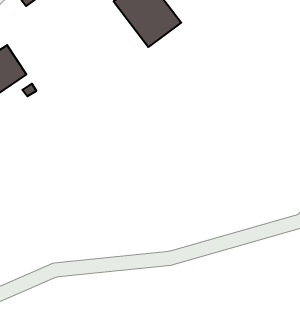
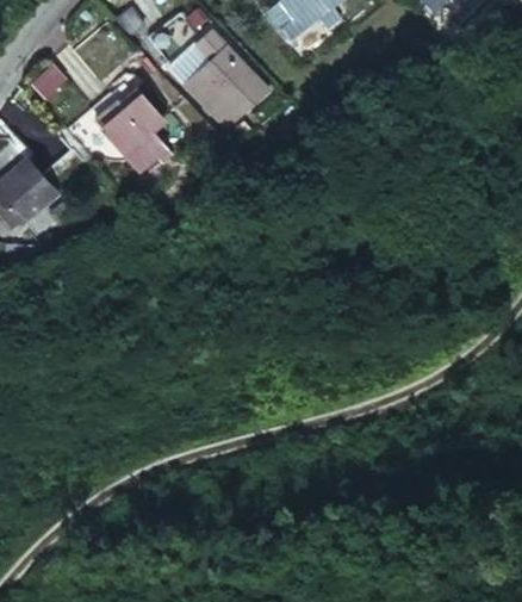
building: none -> [97,88,170,159]

